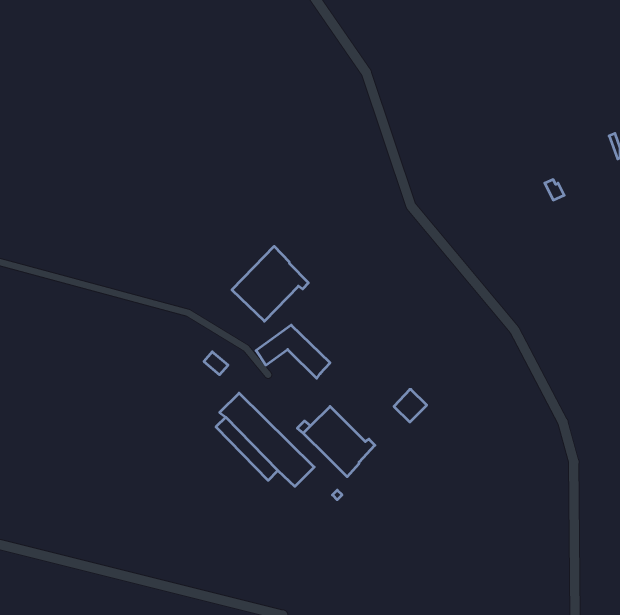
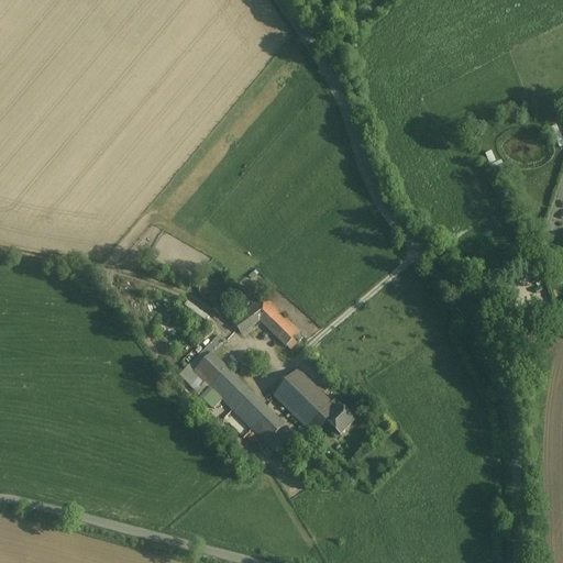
building: [232,246,308,321] -> none
building: [394,389,427,422] -> [325,404,355,433]

